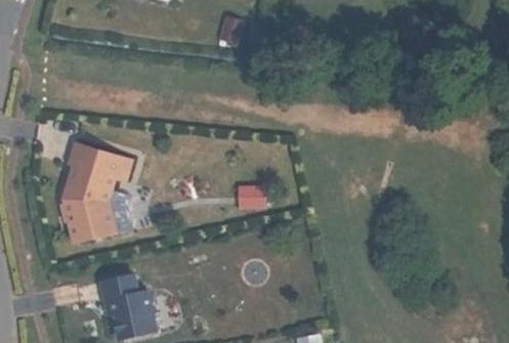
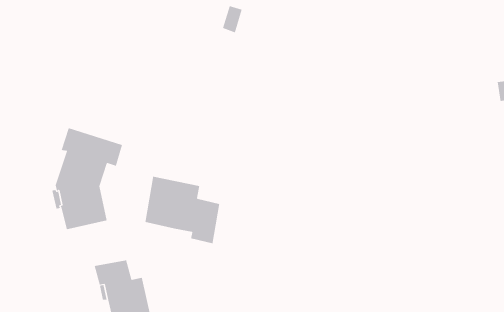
building: none -> [145,176,220,244]

